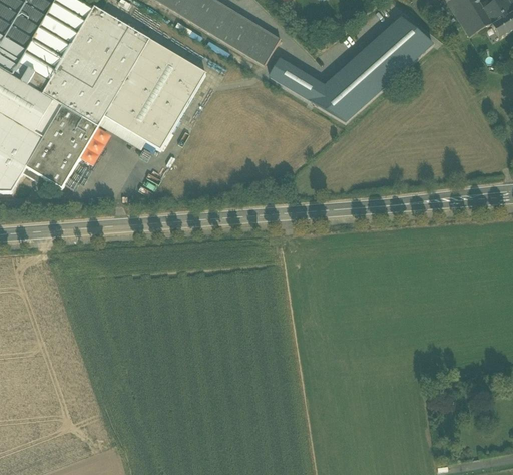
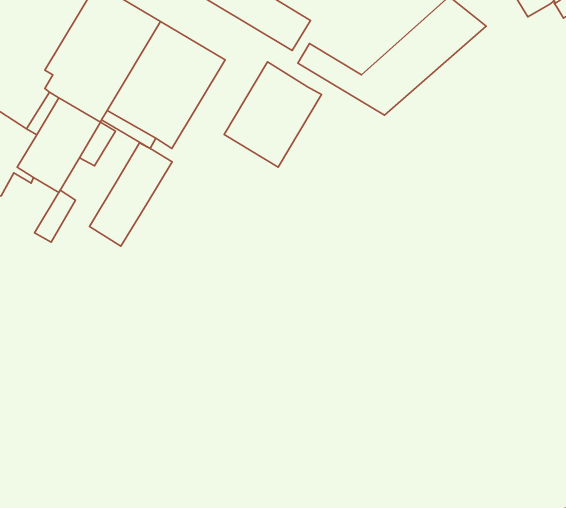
building: none -> [224,62,322,167]
building: none -> [89,143,172,246]
building: none -> [34,190,76,242]

